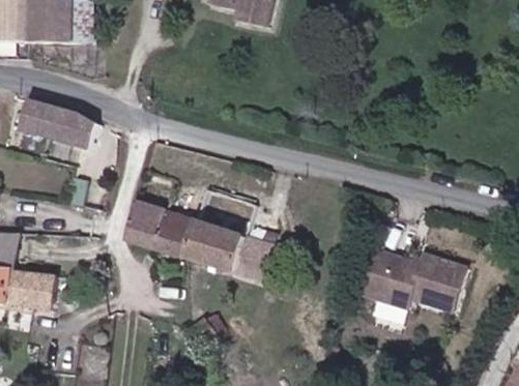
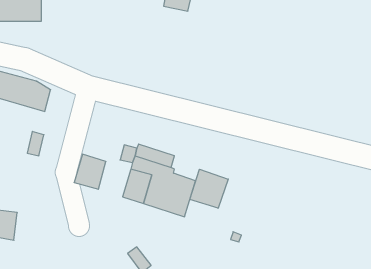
building: [155,213,196,257] -> none
building: none -> [190,169,228,208]
building: [364,251,466,313] -> none

